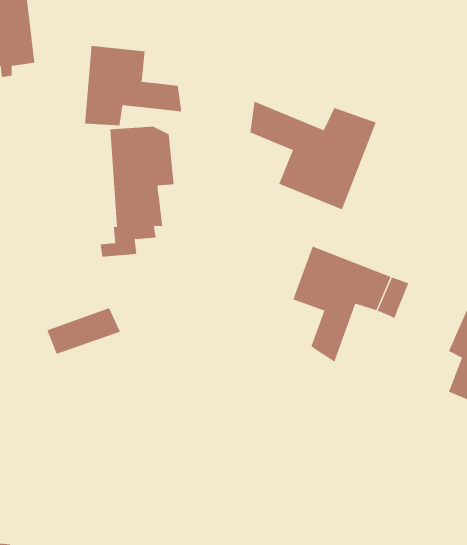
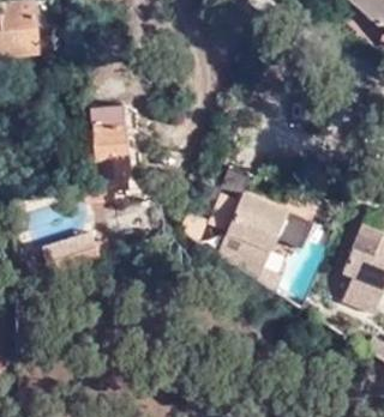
building: [84,45,182,126] -> none
building: [250,101,376,210] -> none

